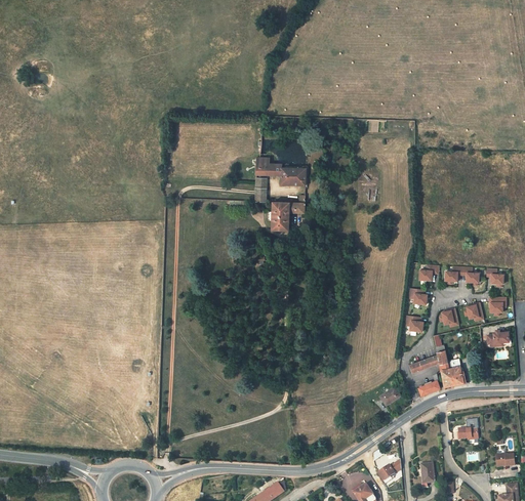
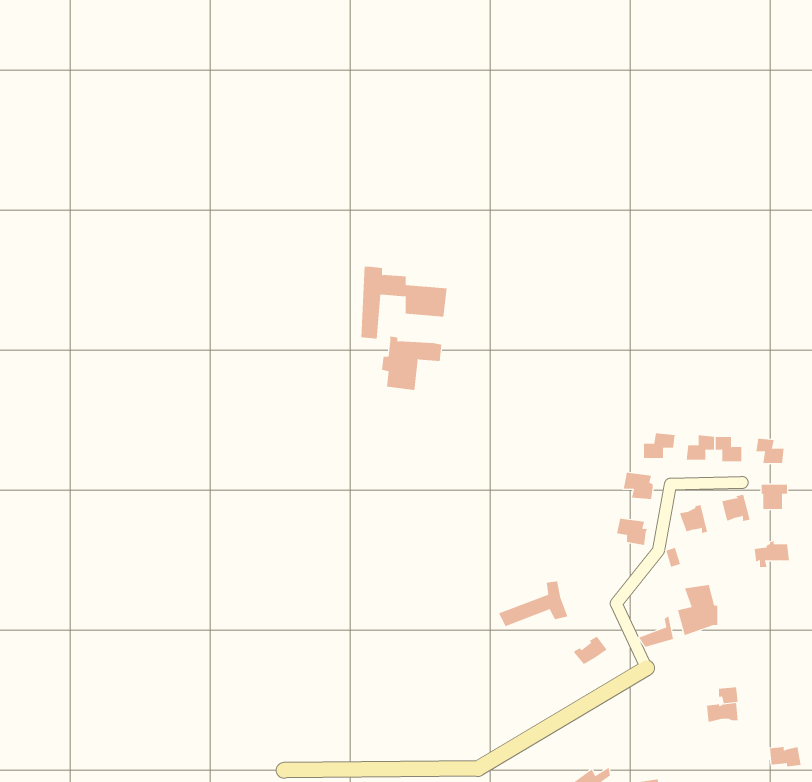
building: [406,347,448,375] -> [498,581,568,627]

